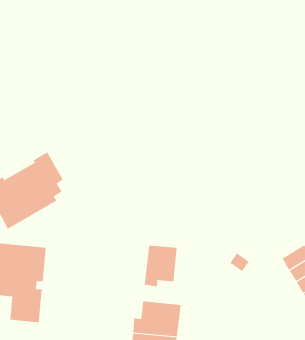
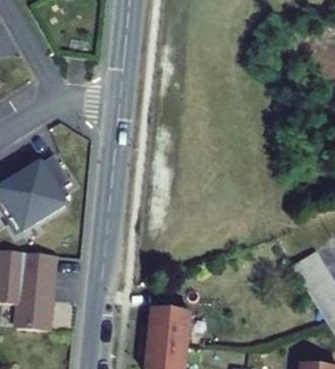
building: [144,245,177,287] -> none

